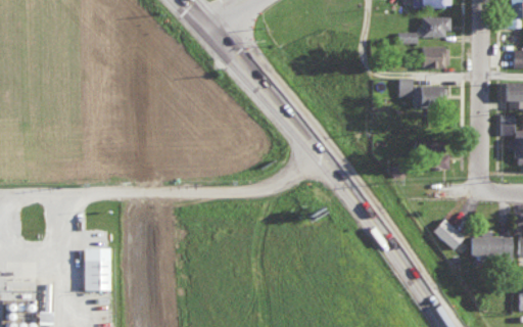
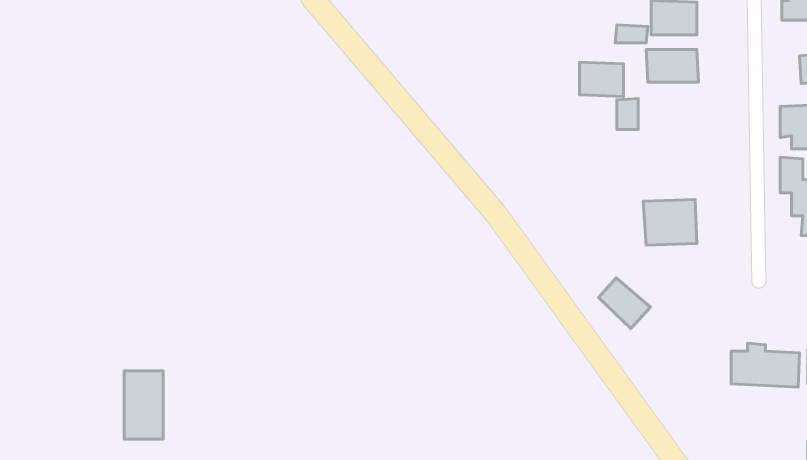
building: [420,86,447,107] -> [580,62,624,97]
building: [433,219,466,250] -> [598,278,651,328]

